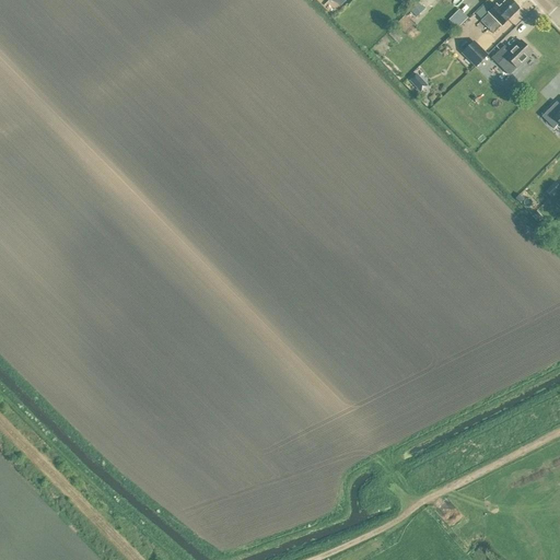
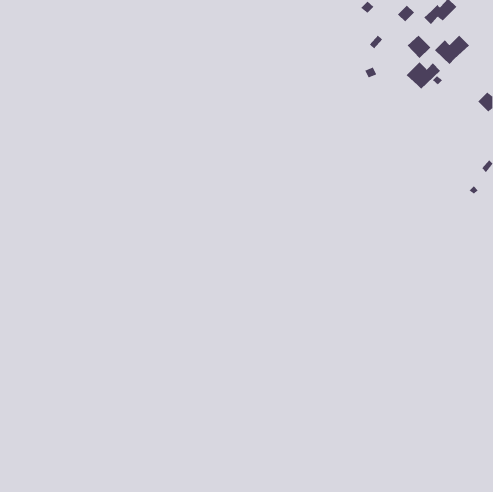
building: none -> [406,62,441,90]

